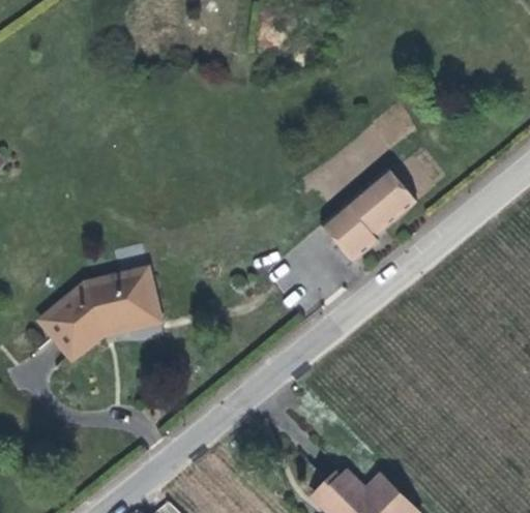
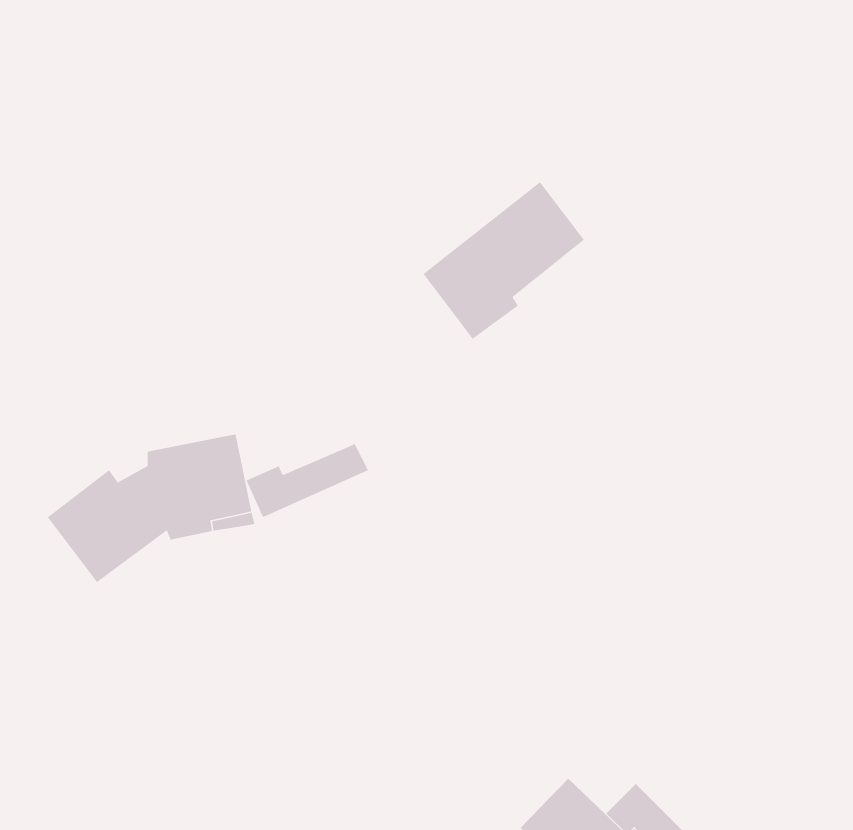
building: [319,162,413,254] -> [422,181,585,340]
building: none -> [246,443,369,518]

